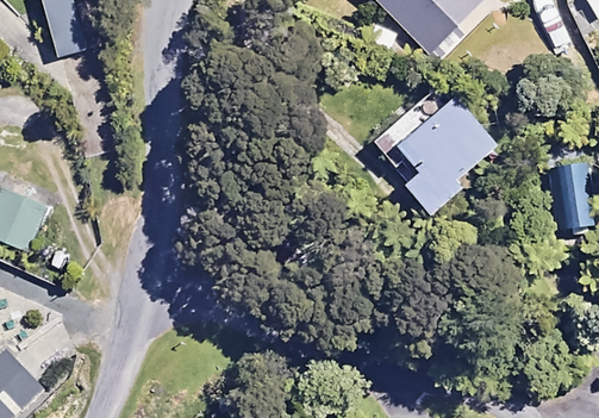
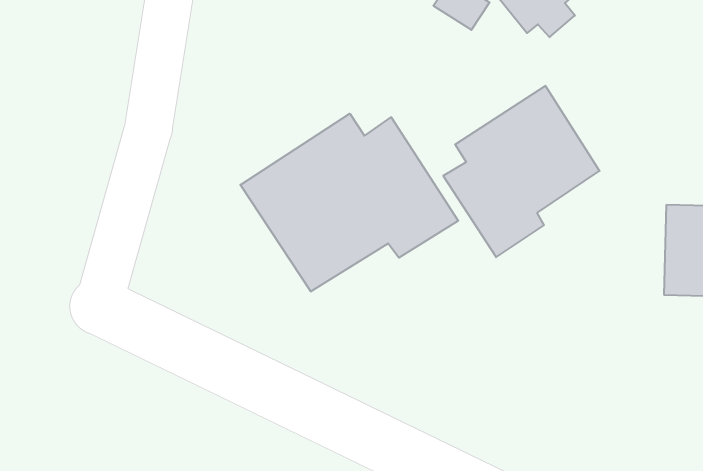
building: none -> [240,114,458,292]

